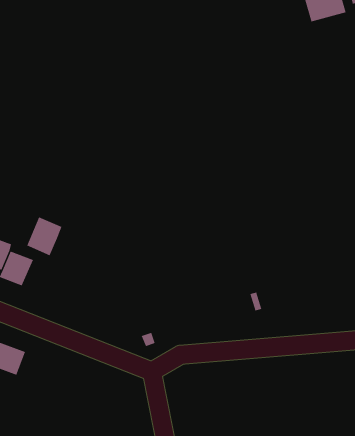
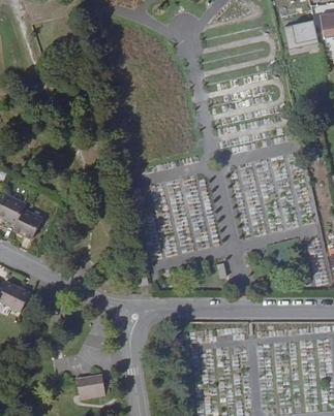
building: [27,217,62,256] -> none

